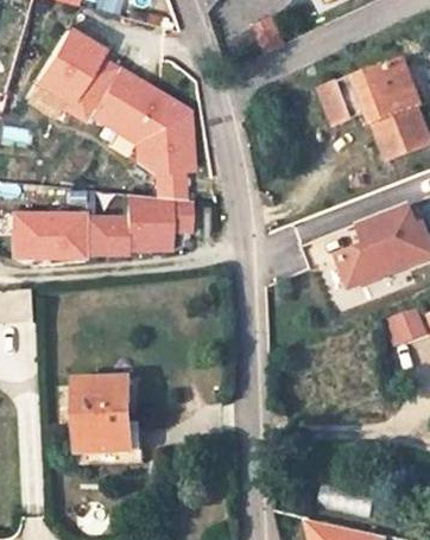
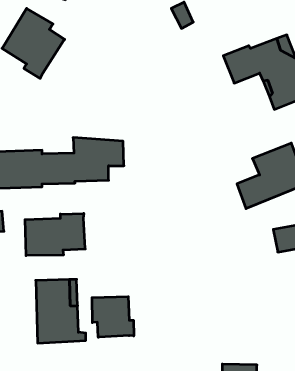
building: [87,68,194,193] -> none
building: none -> [25,213,85,256]
building: none -> [92,297,134,337]

